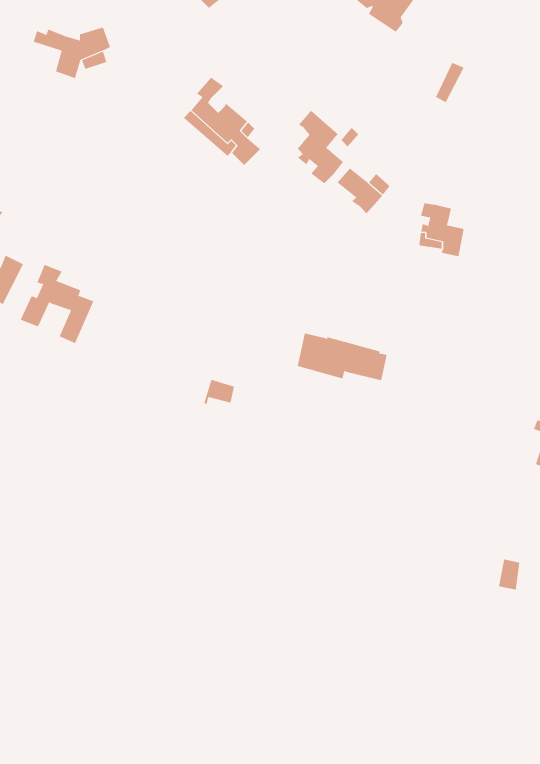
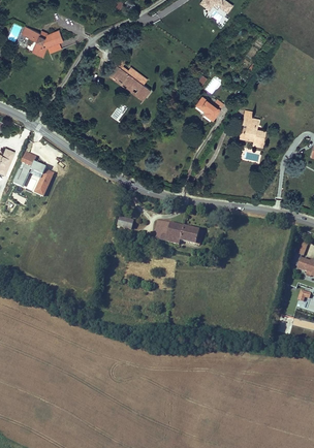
building: [297,110,344,184] -> none
building: [297,333,388,381] -> [153,220,203,247]

